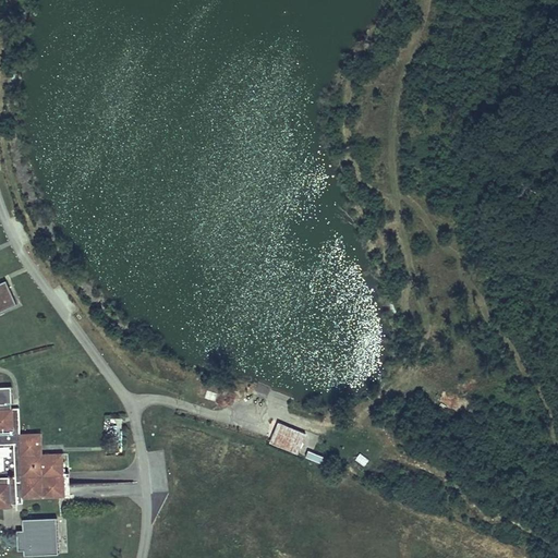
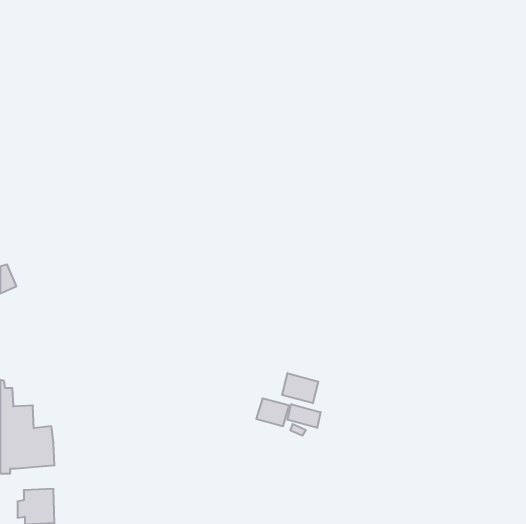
building: none -> [282,373,318,403]
building: none -> [288,404,321,428]

